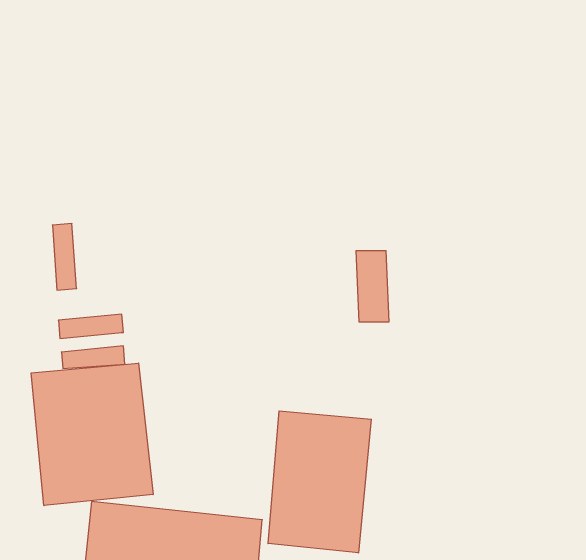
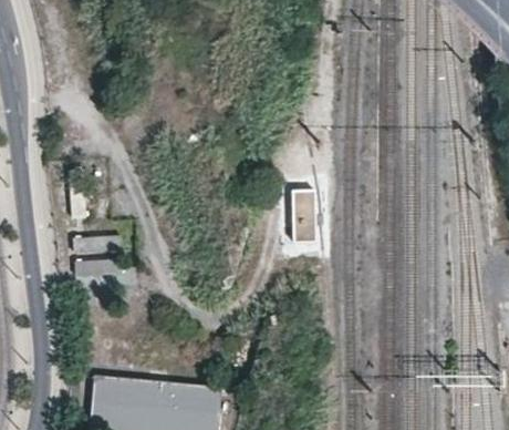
building: [31,363,153,506] -> none
building: [268,411,371,553] -> none

